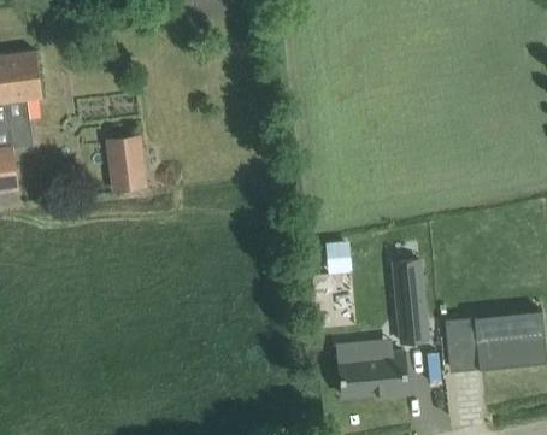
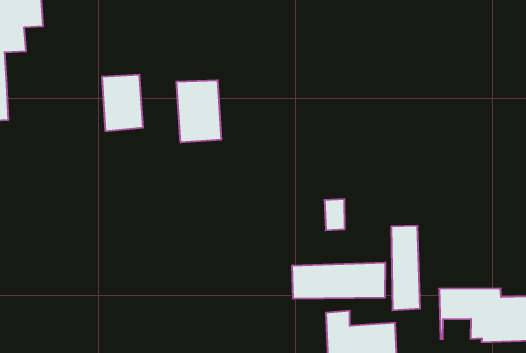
building: none -> [177,80,221,143]
building: none -> [292,262,385,299]

